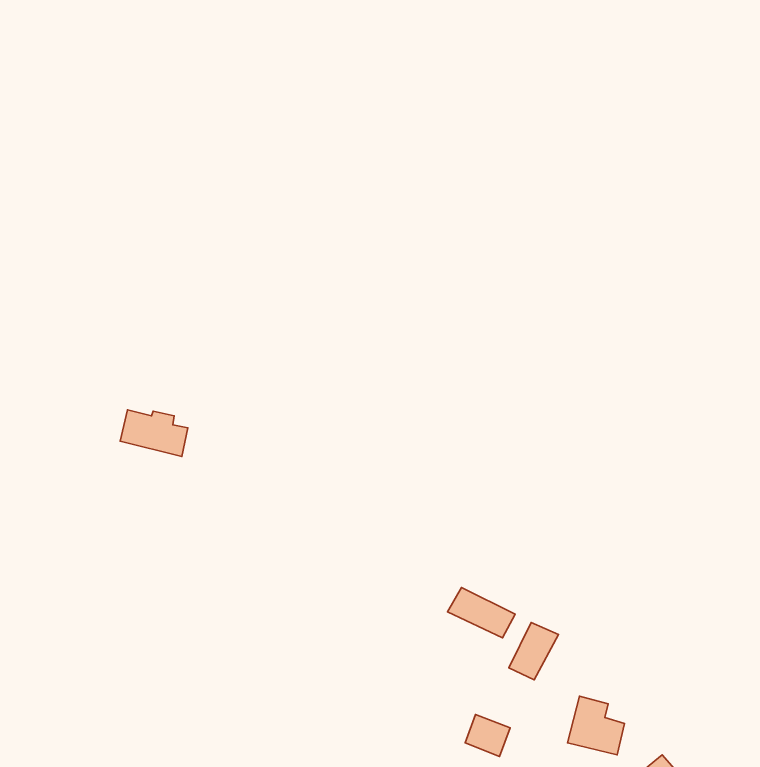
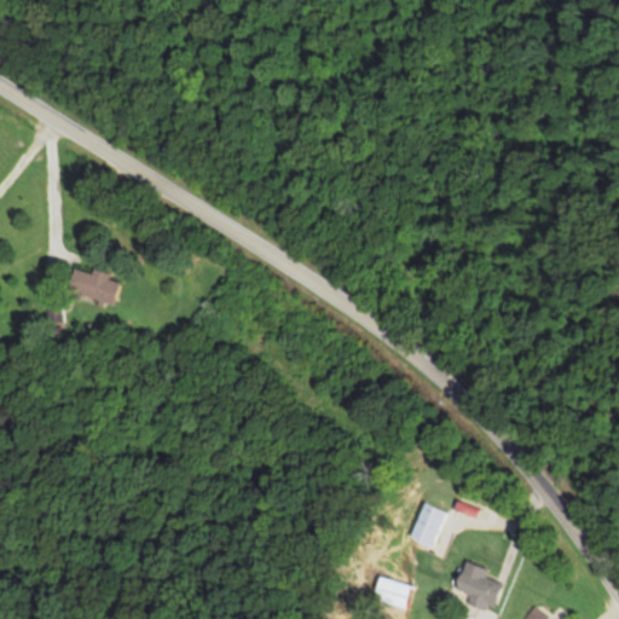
building: [120,410,188,456] -> [66,267,121,305]
building: [448,587,515,638] -> none

